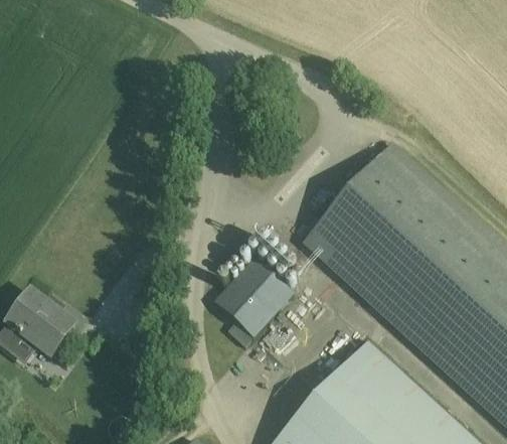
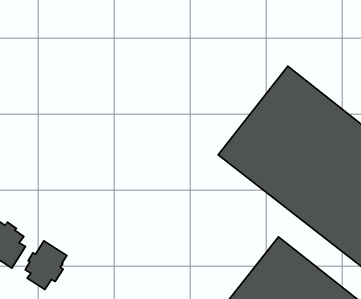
building: [214,257,293,337] -> none
building: none -> [25,241,67,290]

